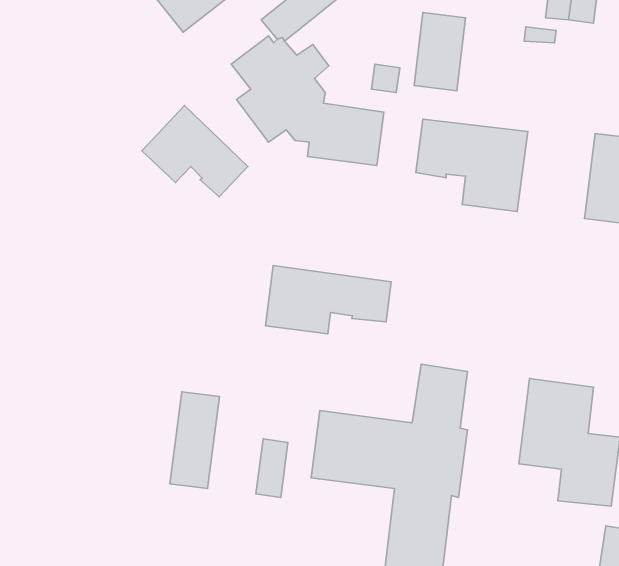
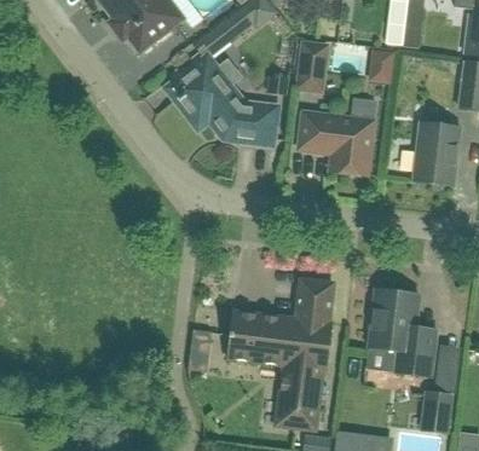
building: [142,105,248,197] -> none
building: [266,265,391,334] -> none
building: [170,392,219,489] -> none

